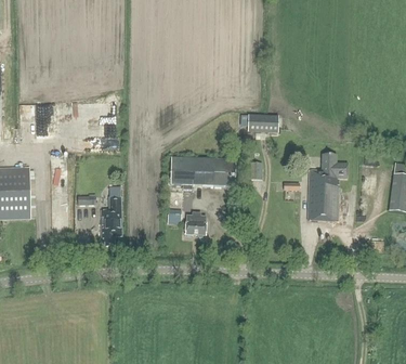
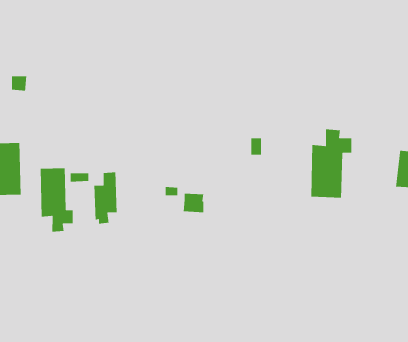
building: [247,114,278,132] -> none
building: [170,154,233,188] -> none
building: none -> [40,167,74,232]

